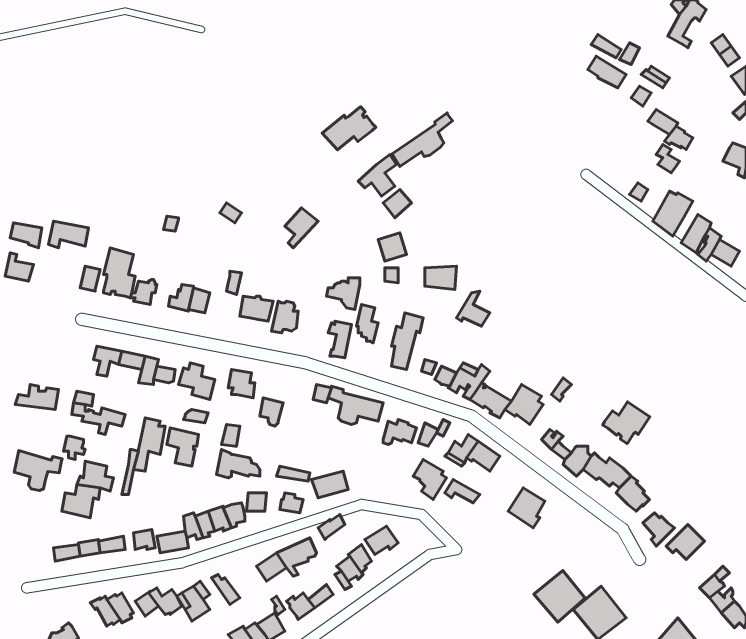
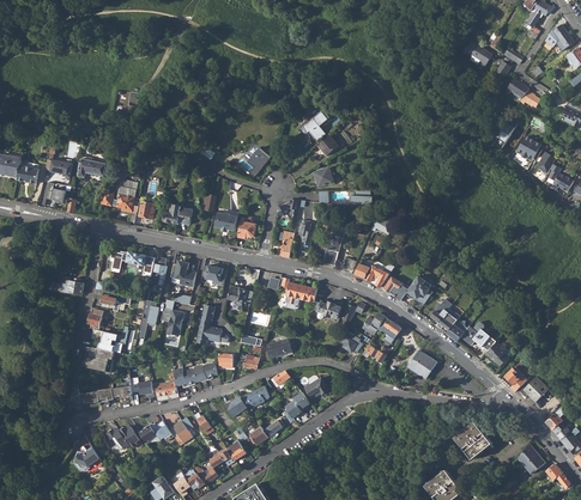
building: [322,107,376,150] -> none
building: [392,113,452,166] -> none
building: [603,402,650,443] -> none
building: [14,450,62,491] -> none
building: [534,570,585,622] -> none

